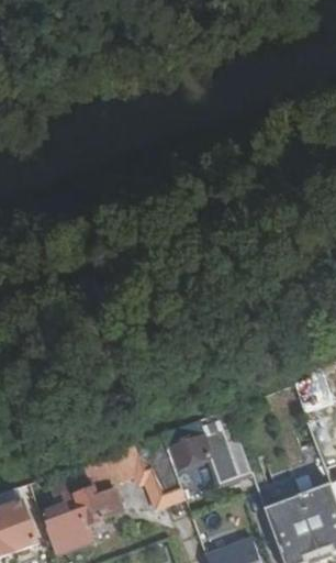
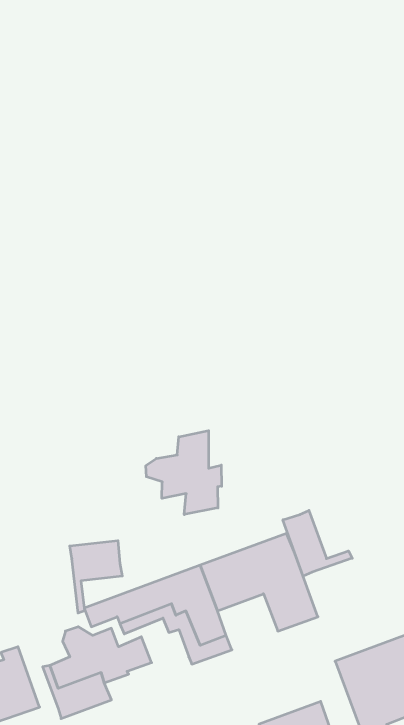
building: none -> [146,431,222,515]
building: none -> [283,510,352,576]
building: none -> [70,541,122,613]

